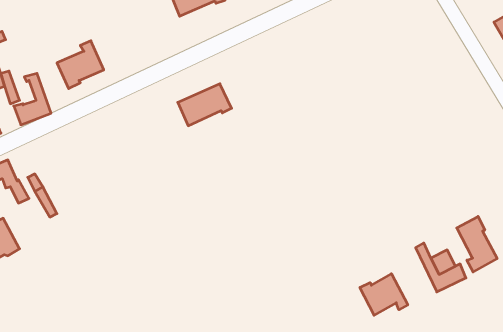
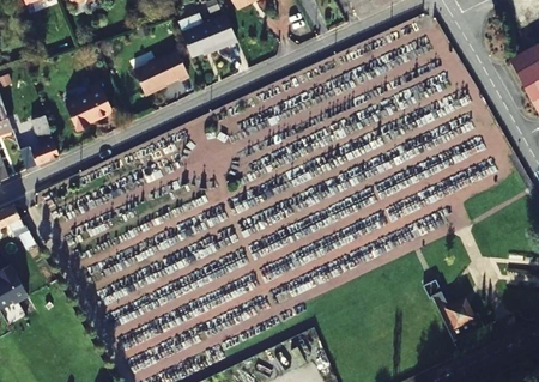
building: [178,84,232,126] -> [134,51,189,95]
building: [457,216,497,272] -> none
building: [360,274,408,315] -> none

